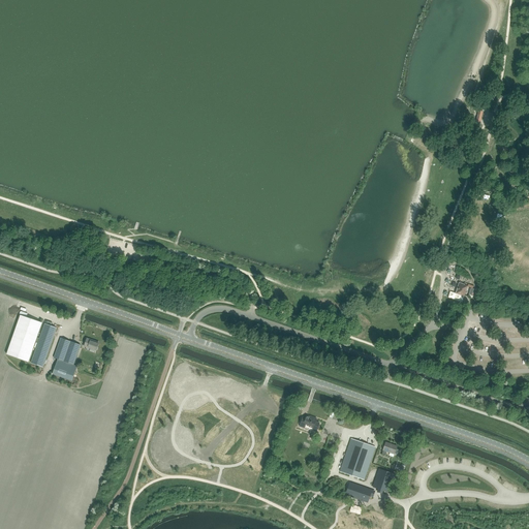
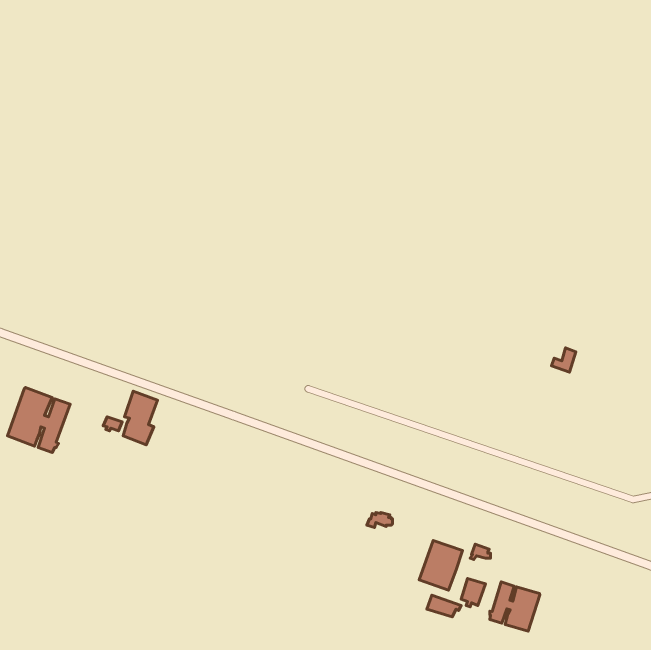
building: [53,337,81,380] -> [123,391,158,445]
building: none -> [490,582,540,631]

